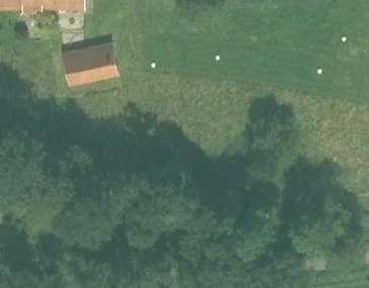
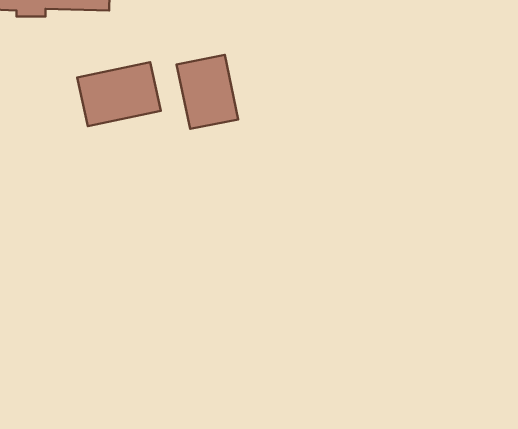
building: none -> [177,55,238,129]

